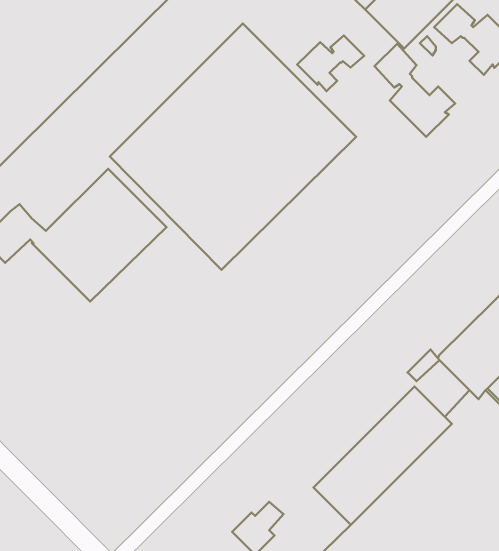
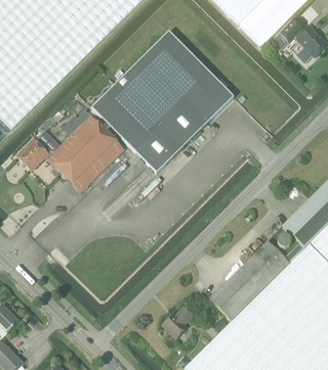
building: [297,35,364,91] -> none
building: [375,44,455,137] -> none

